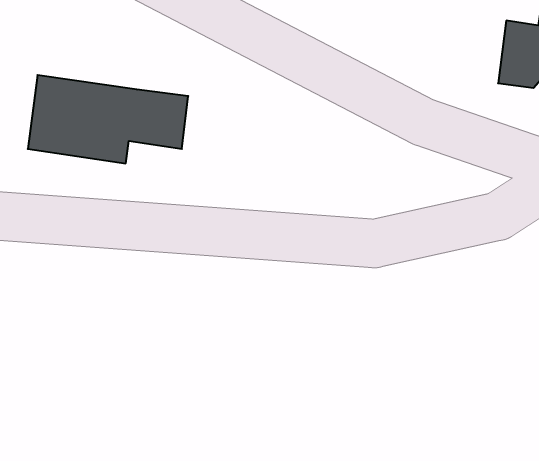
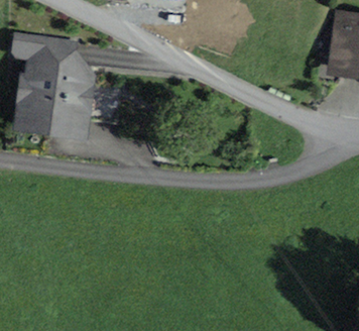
building: none -> [16,35,90,84]

